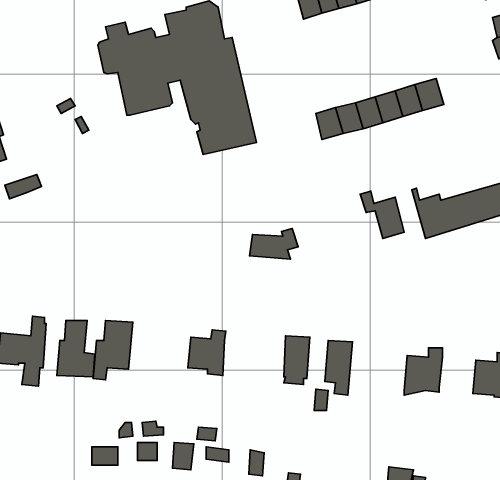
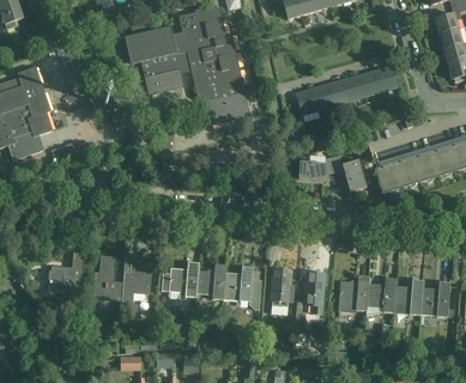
building: [249,229,298,259] -> [297,157,335,181]
building: none -> [168,261,198,298]
building: none -> [223,266,261,310]
building: none -> [339,275,369,312]
building: none -> [393,279,423,315]

